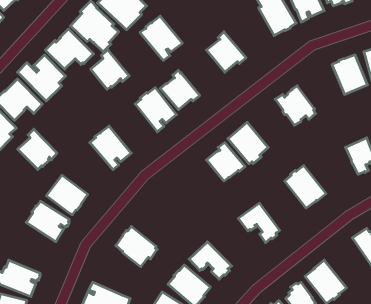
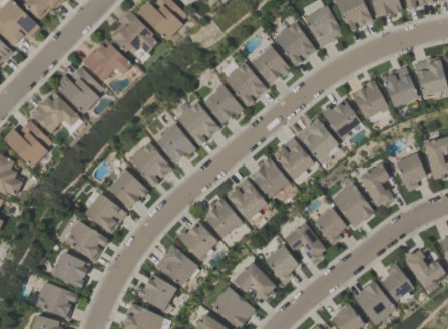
building: none -> [274,20,317,66]
building: [140,16,182,60] -> [223,60,268,106]
building: [91,50,129,89] -> [156,121,196,162]
building: none -> [351,79,389,119]
building: none -> [297,120,340,161]
building: [18,129,57,170] -> [107,166,148,208]
building: none -> [359,162,394,206]
building: none -> [227,178,268,221]
building: none -> [203,197,244,238]
building: none -> [314,206,347,243]
building: none -> [178,220,218,261]
building: none -> [265,244,299,283]
building: none -> [50,251,90,288]
building: none -> [380,263,414,302]
building: none -> [137,273,177,313]

